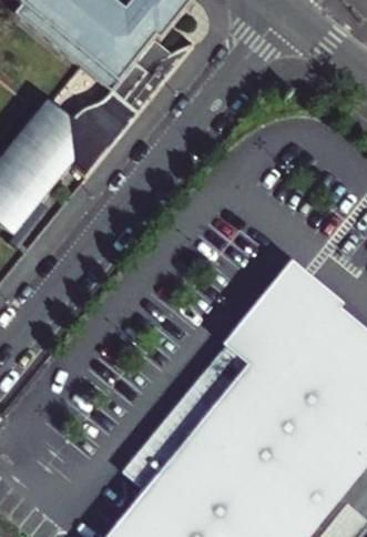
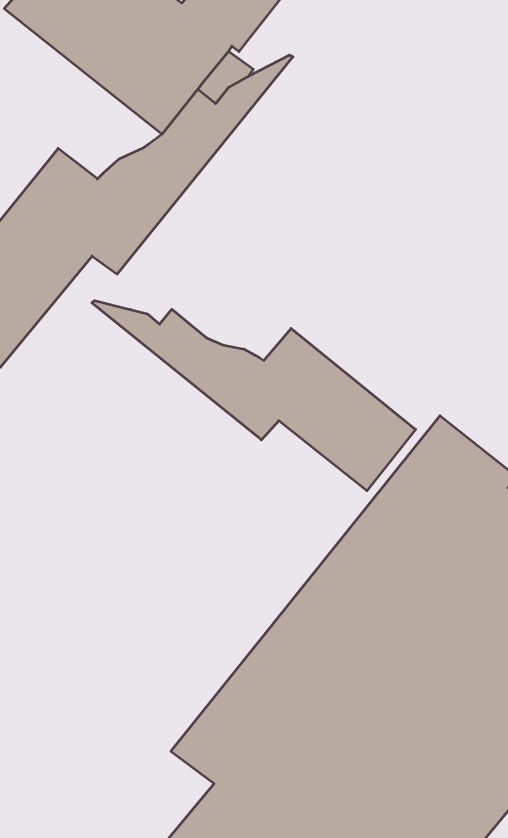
building: none -> [92,301,416,491]

